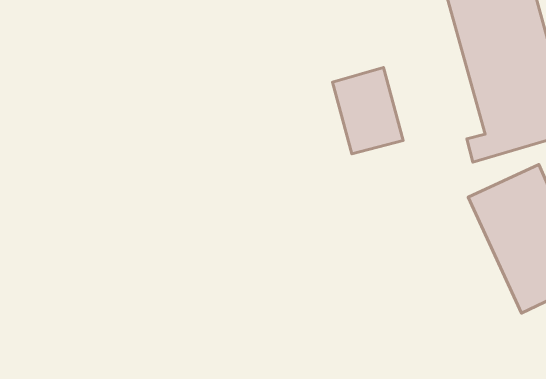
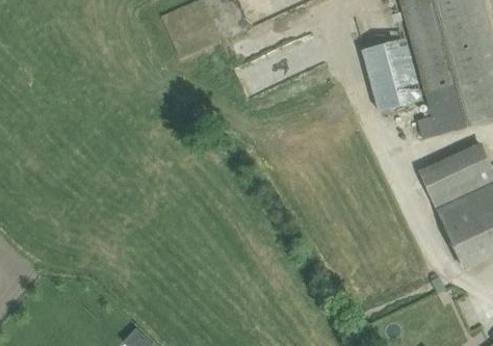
building: [333,68,403,154] -> [362,36,422,110]

